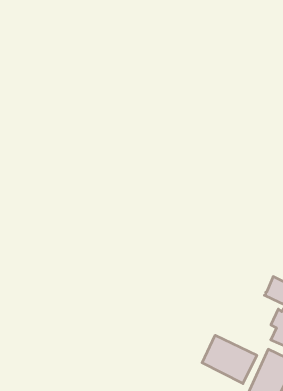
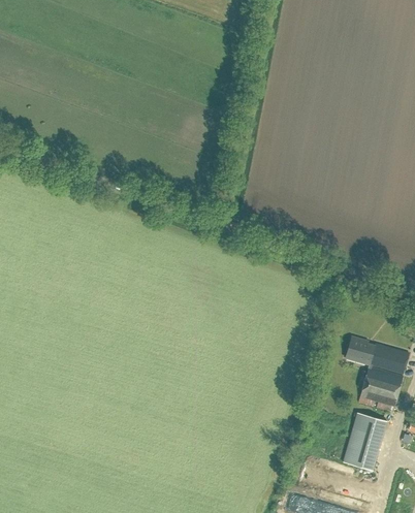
building: [202,335,257,384] -> none

